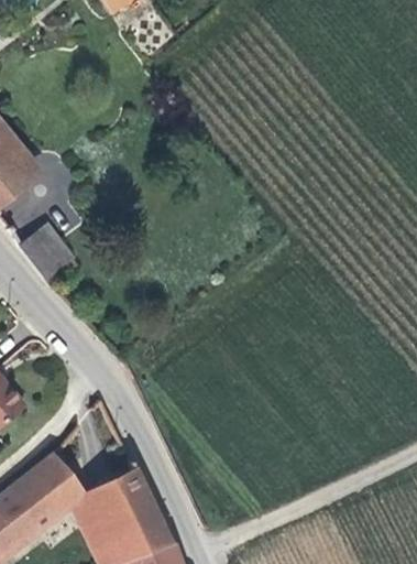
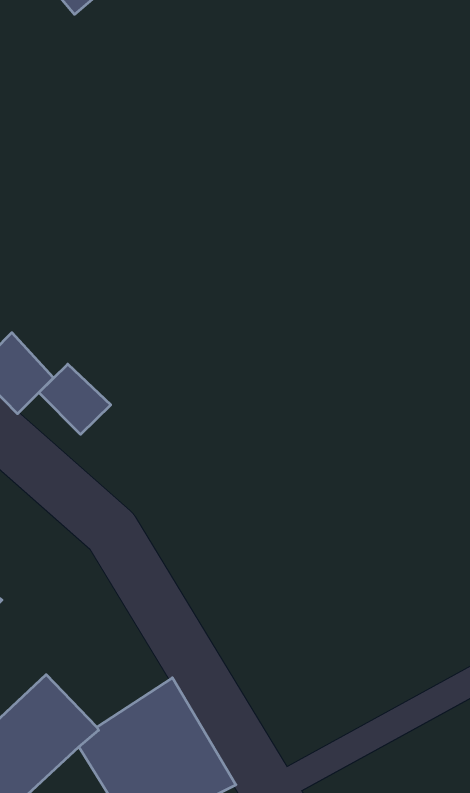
building: none -> [39,364,111,434]

